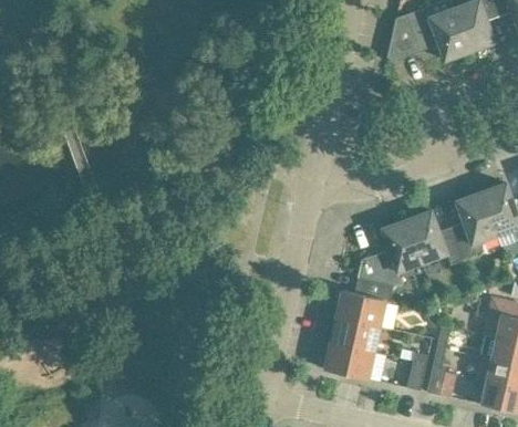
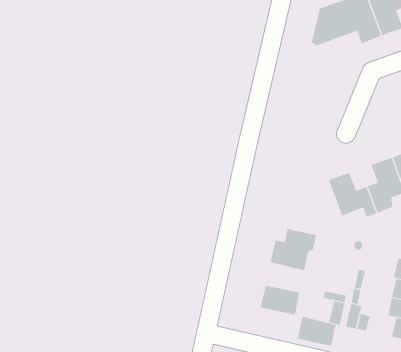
building: [358,220,422,285] -> none
building: [332,317,379,353] -> [297,316,336,346]

